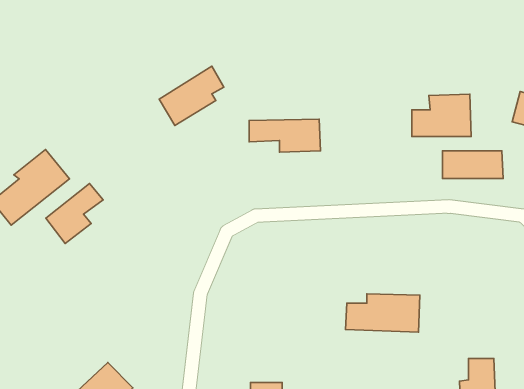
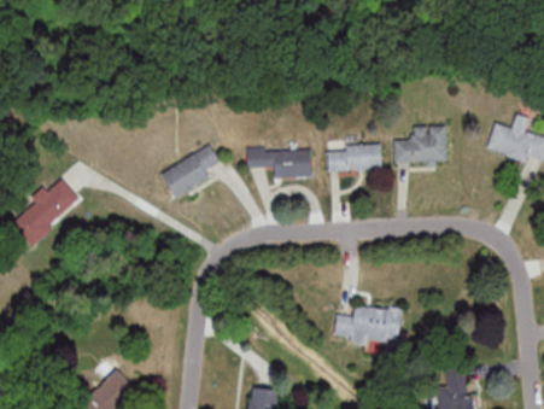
building: [159,66,224,126] -> [160,145,220,199]
building: [442,151,503,179] -> [327,145,382,170]
building: [46,183,103,243] -> none

